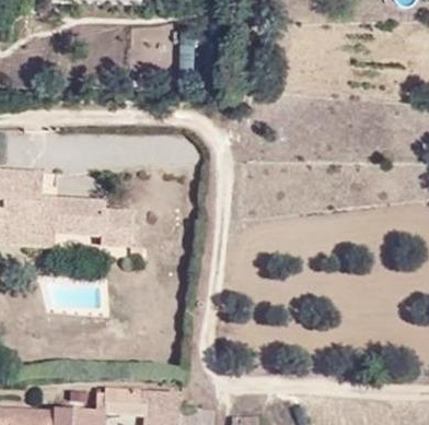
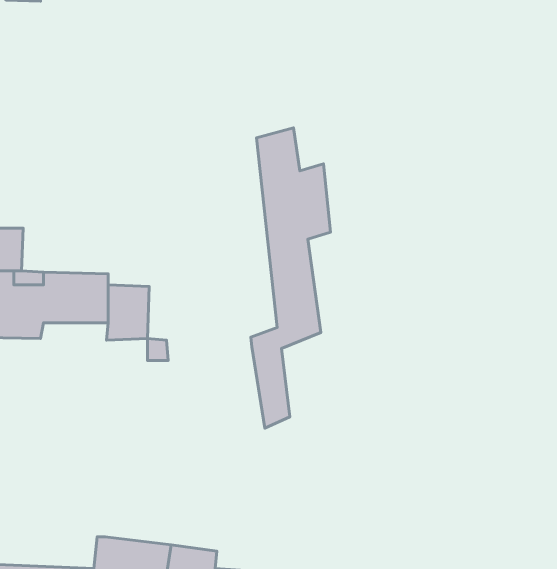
building: none -> [251,128,330,428]

